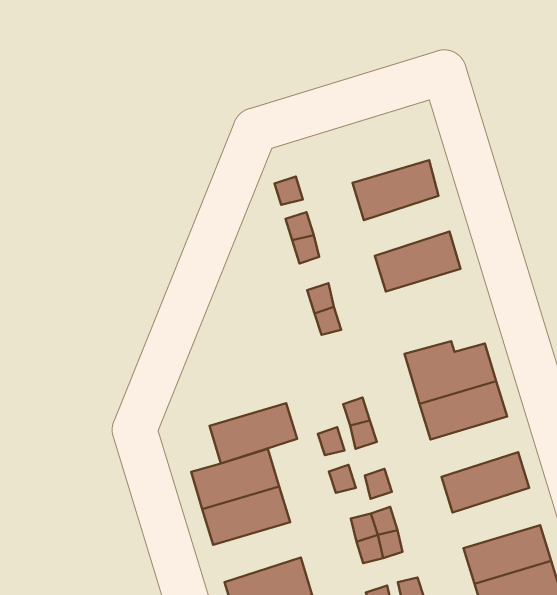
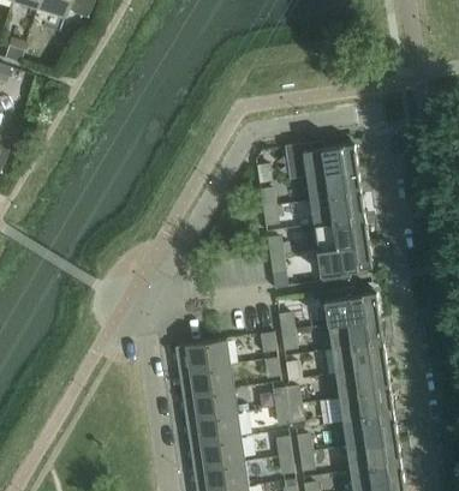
building: none -> [303,143,358,175]
building: none -> [310,192,364,224]
building: none -> [317,241,372,282]
building: [209,403,297,463] -> [181,388,237,420]
building: none -> [332,341,387,373]
building: none -> [339,389,394,421]

